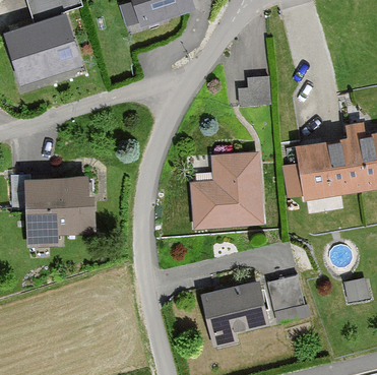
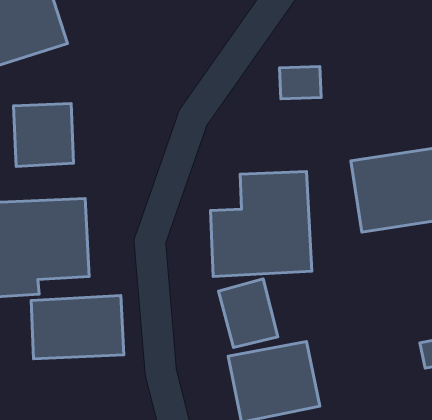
building: none -> [14,104,73,166]
building: none -> [31,295,124,359]
building: [266,267,311,319] -> [219,279,278,348]

